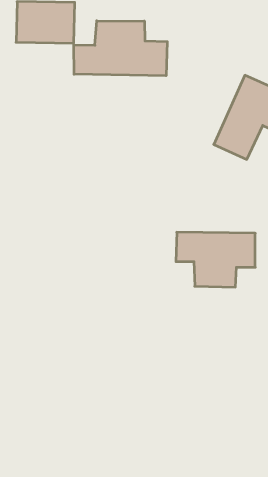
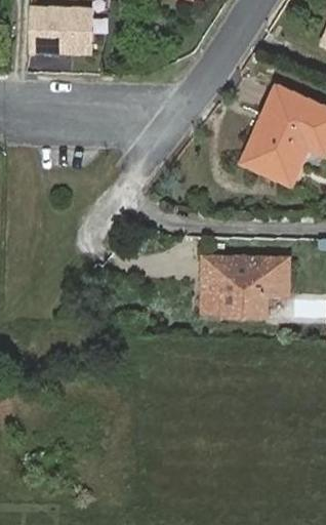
building: [74,21,167,76] -> none

